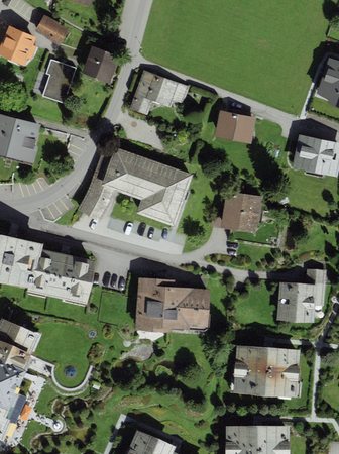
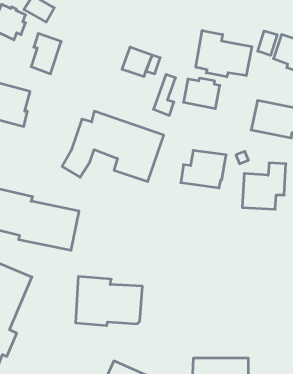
building: [81,46,119,83] -> none
building: none -> [196,30,252,77]
building: none -> [258,31,277,55]
building: [128,70,153,116] -> [153,74,176,115]
building: [275,269,325,322] -> [242,163,286,209]
building: [134,277,210,333] -> [76,277,142,326]
building: [232,345,300,396] -> none

